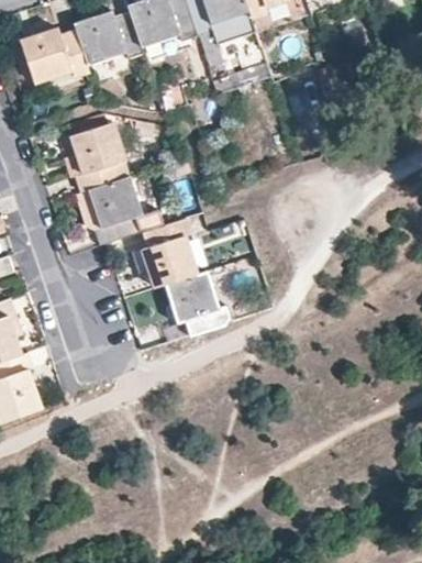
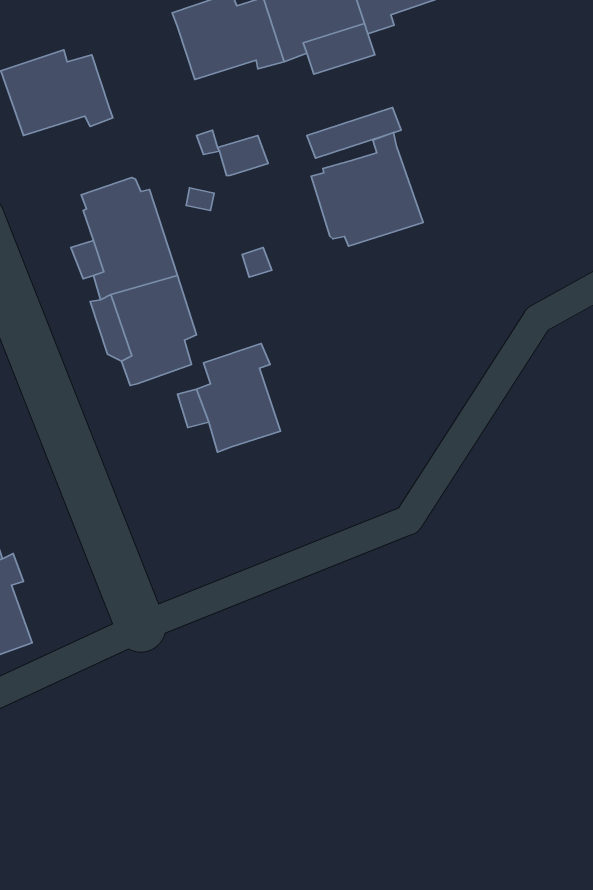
building: [73,13,143,68] -> none
building: none -> [311,133,423,246]
building: [164,268,230,333] -> none

